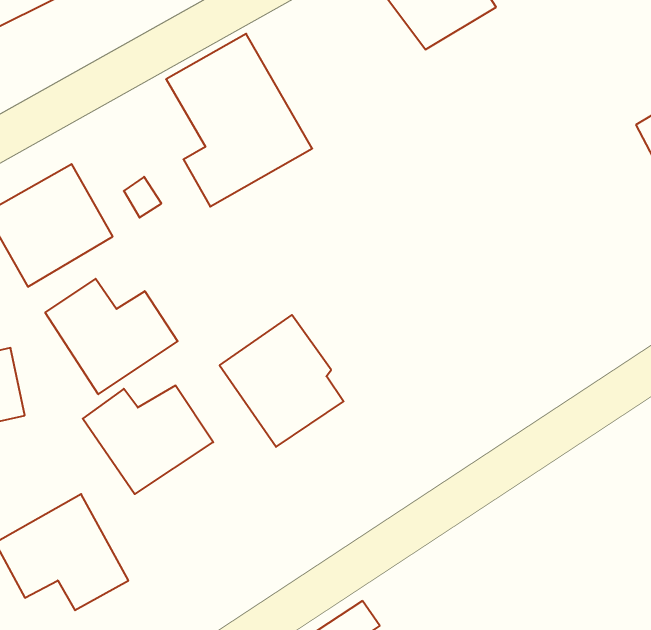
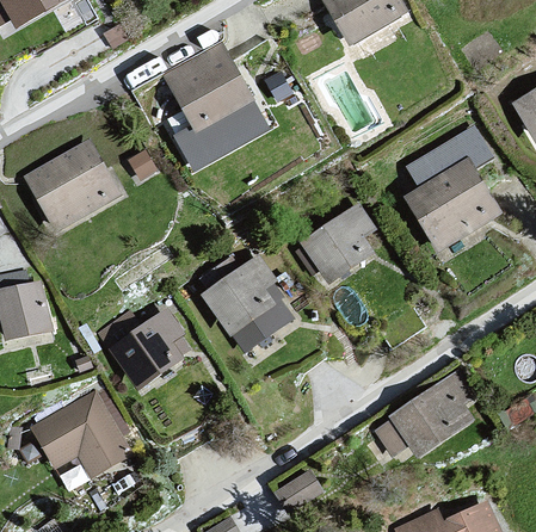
building: none -> [403,122,501,248]
building: none -> [301,203,375,282]
building: [45,279,178,394] -> none
building: none -> [375,369,476,459]

